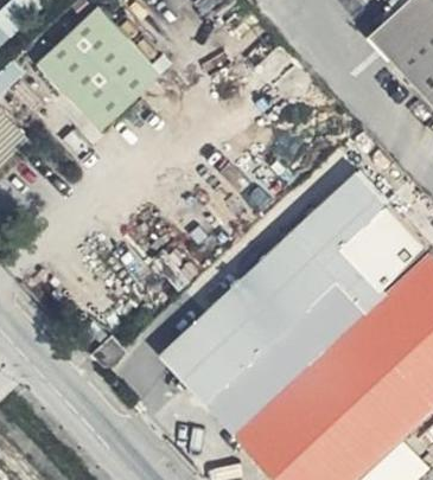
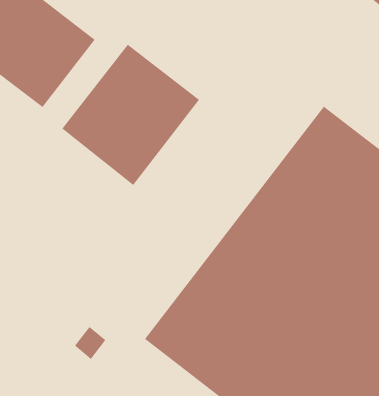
building: none -> [61,44,200,186]

